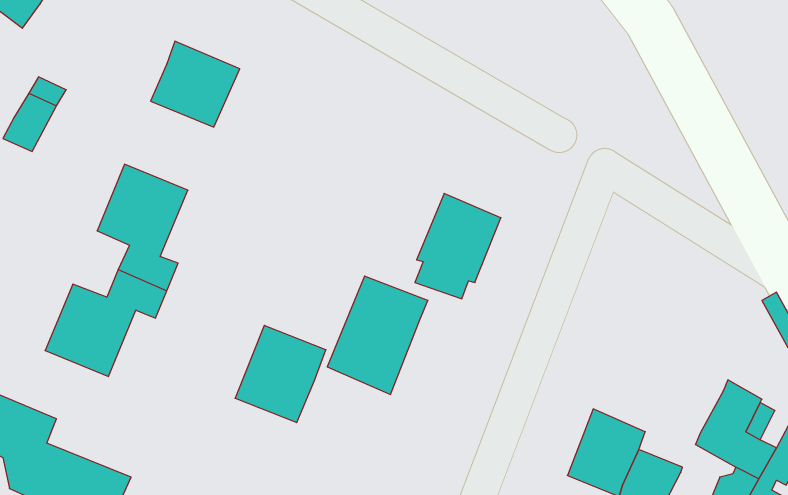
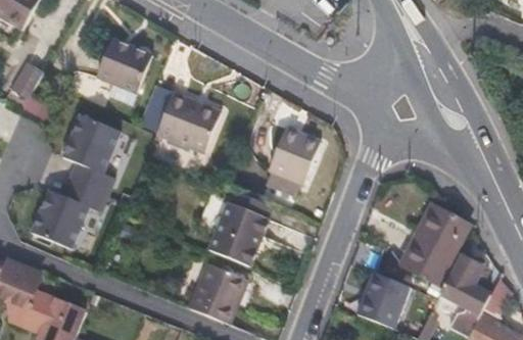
building: none -> [154,99,219,159]
building: none -> [399,202,469,285]
building: [235,325,326,423] -> [190,257,247,319]

